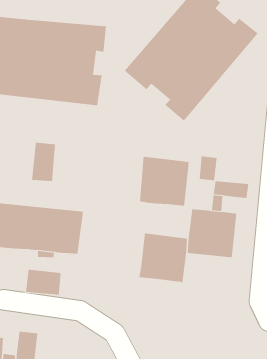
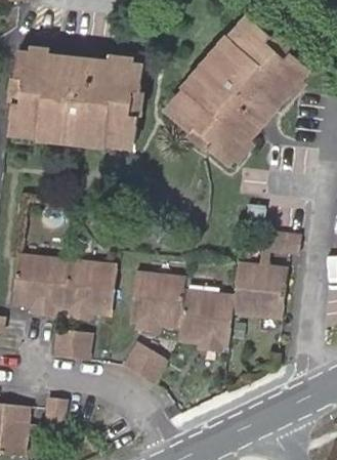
building: [31,142,55,182] -> none
building: [139,156,189,206] -> [130,271,185,327]
building: none -> [124,342,168,382]

